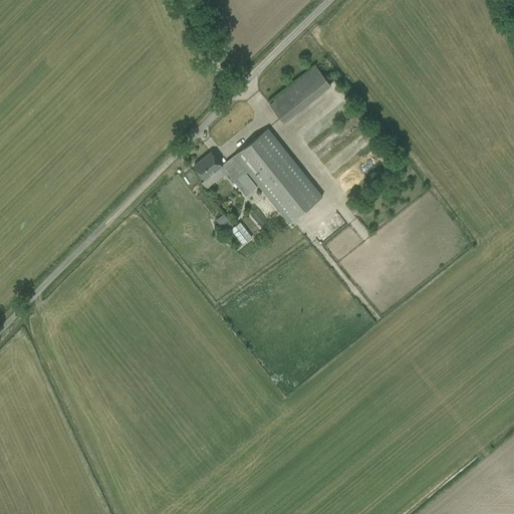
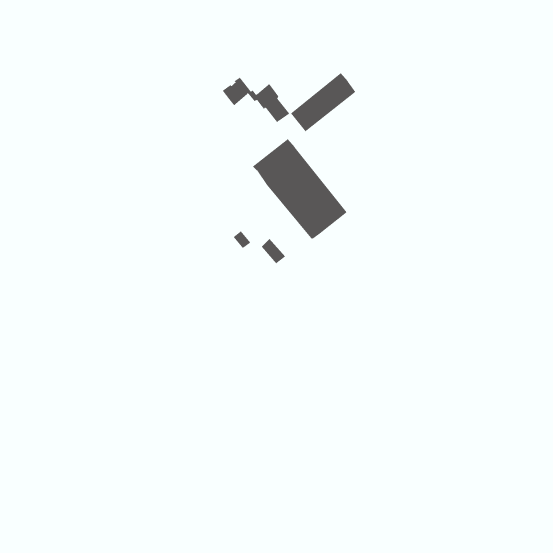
building: [194,153,257,196] -> [222,77,290,123]

